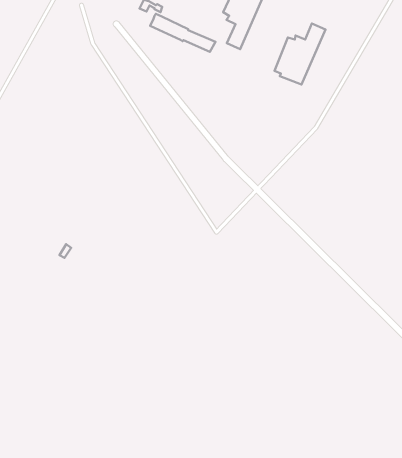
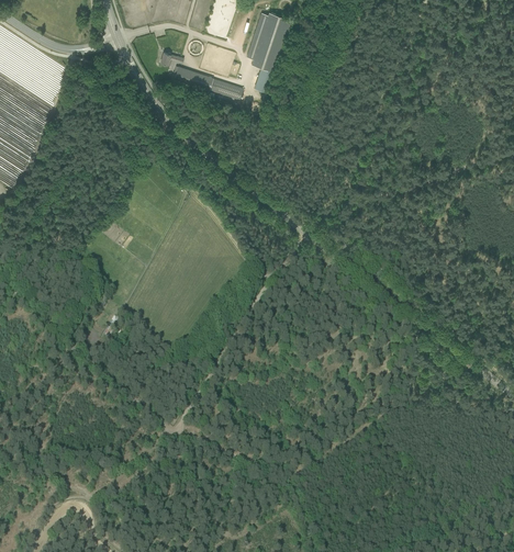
building: [274,23,326,85] -> none

